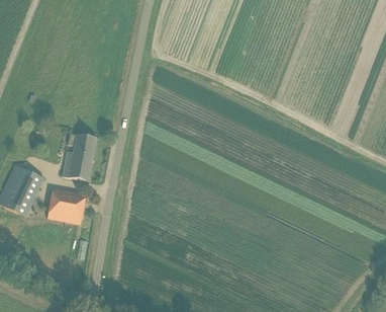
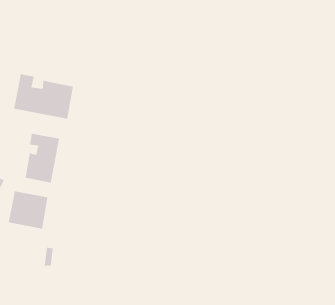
building: none -> [13,73,74,120]

